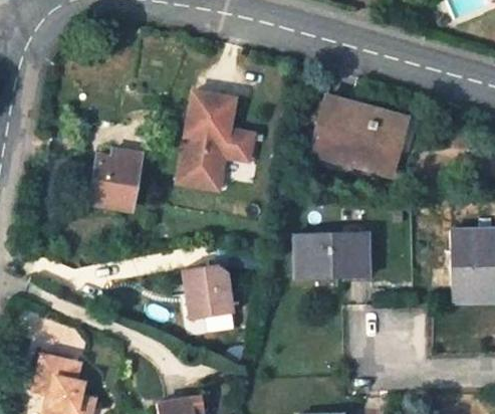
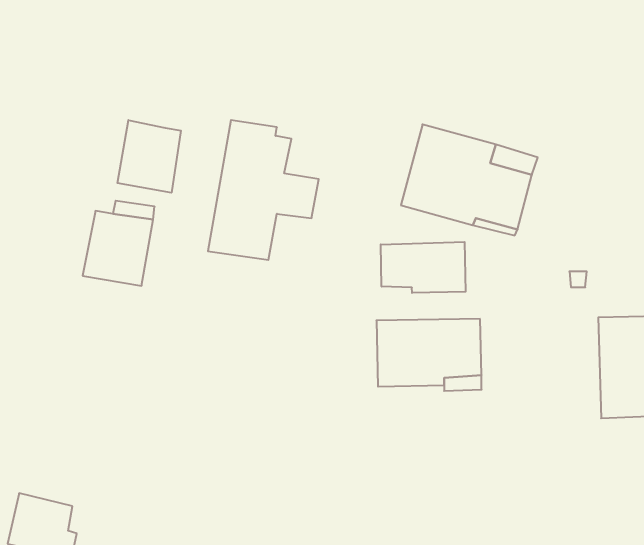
building: none -> [117,120,181,193]
building: none -> [381,242,466,293]
building: [182,262,233,321] -> none

